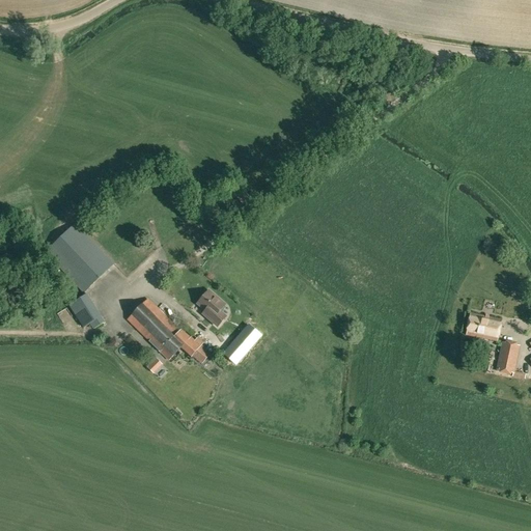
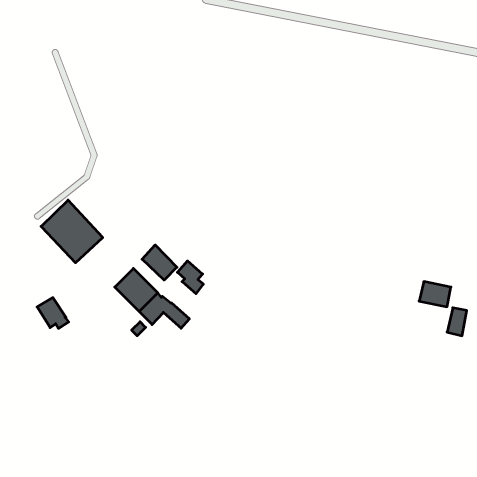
building: none -> [142,245,177,280]
building: [69,294,105,328] -> [37,298,69,328]
building: [223,327,259,363] -> none

